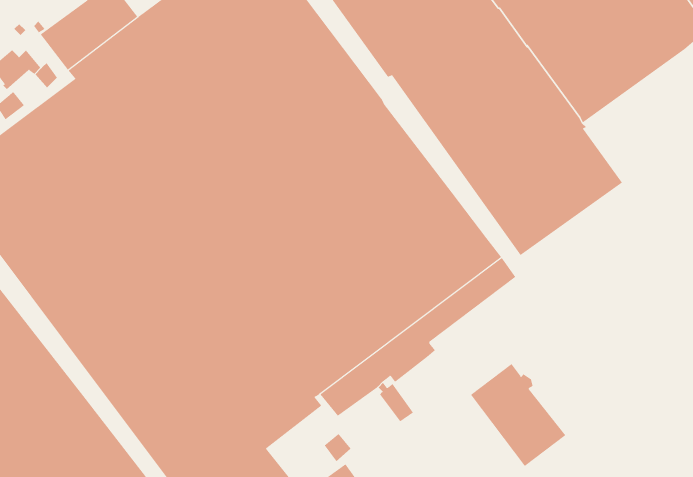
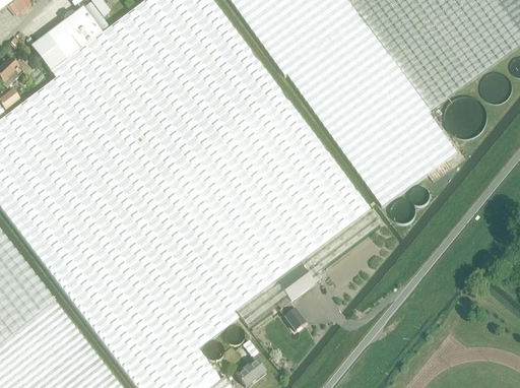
building: [470,363,566,467] -> none

